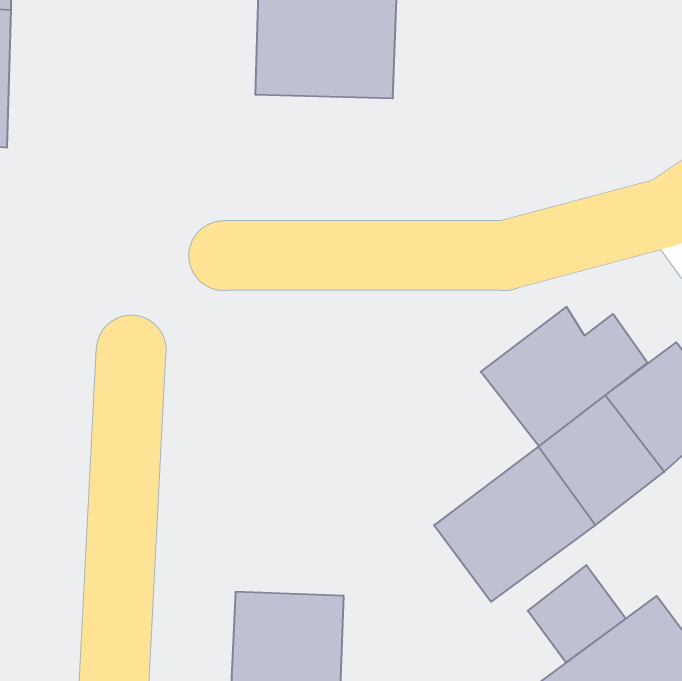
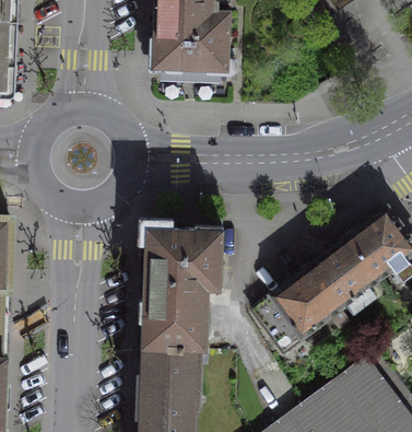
building: [481,307,648,446] -> none
building: none -> [141,226,221,348]
building: [528,565,626,663] -> none

